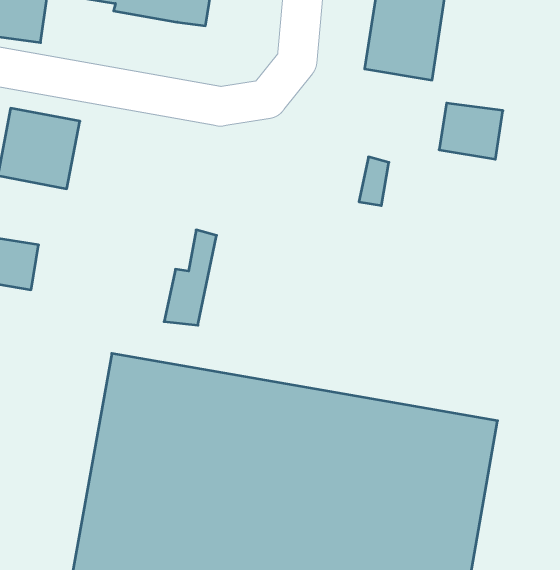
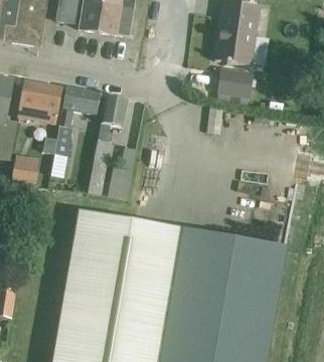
building: [439,103,503,159] -> [217,68,252,99]
building: none -> [53,87,100,155]
building: none -> [87,96,126,194]

